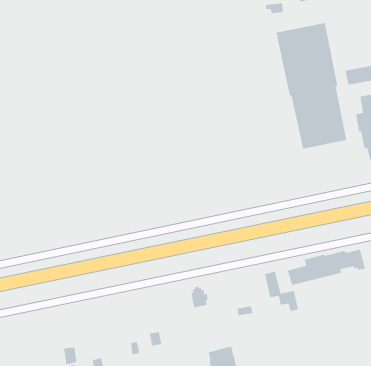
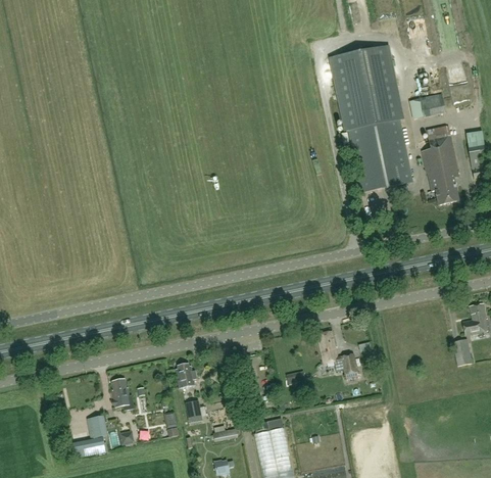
building: [287,249,366,286] -> none
building: [191,286,209,308] -> [176,361,196,386]
building: none -> [112,377,134,410]

